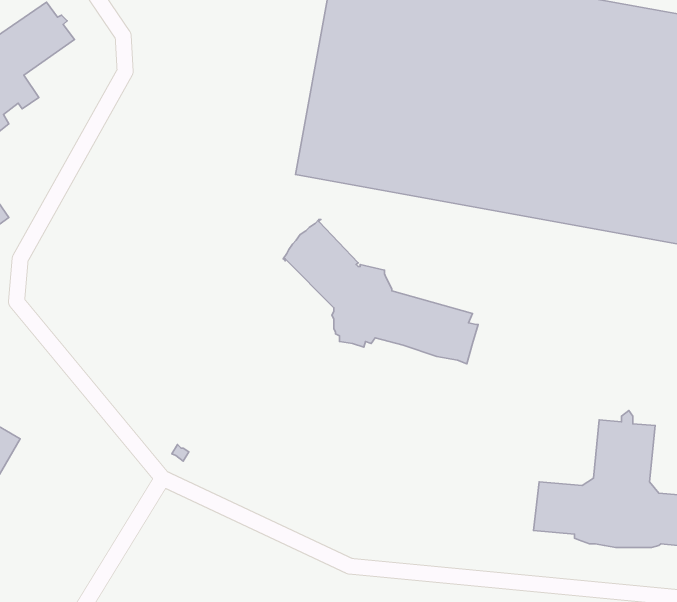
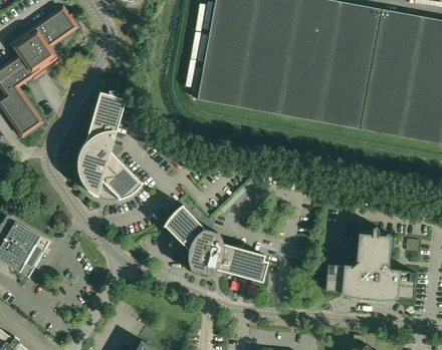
building: none -> [76,91,143,200]
building: [283,220,478,364] -> [164,205,268,282]

